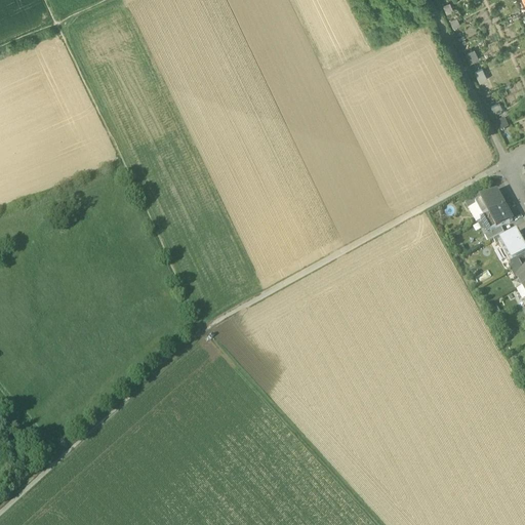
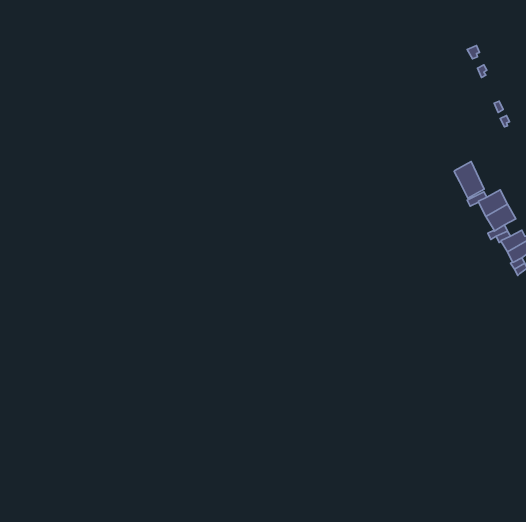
building: none -> [454,162,484,198]

